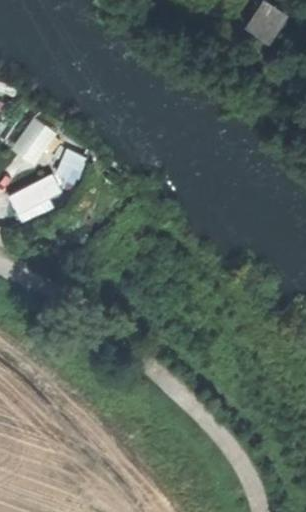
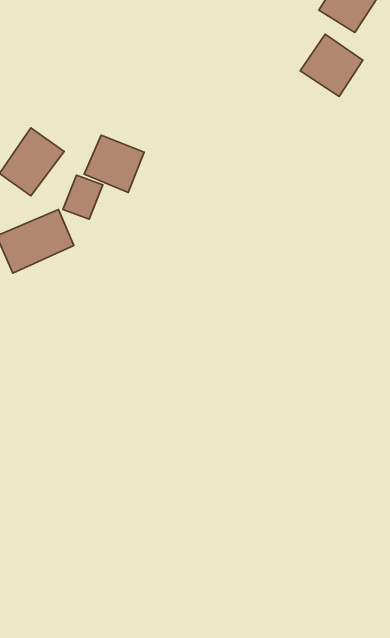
building: none -> [300,34,363,96]
building: none -> [84,135,144,192]

